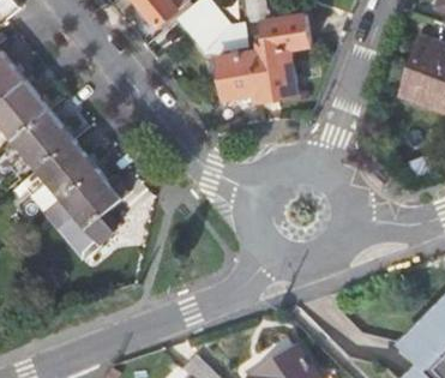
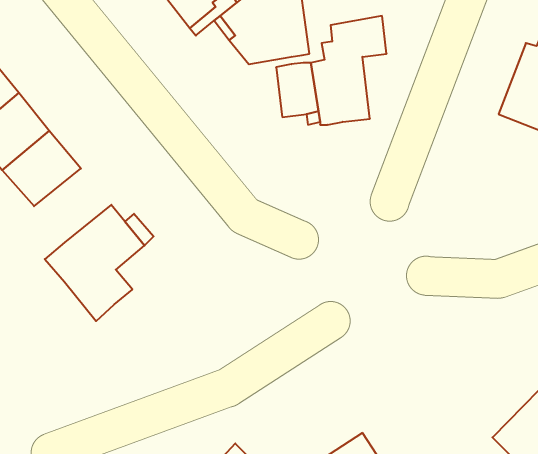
building: [18,136,95,208] -> none

